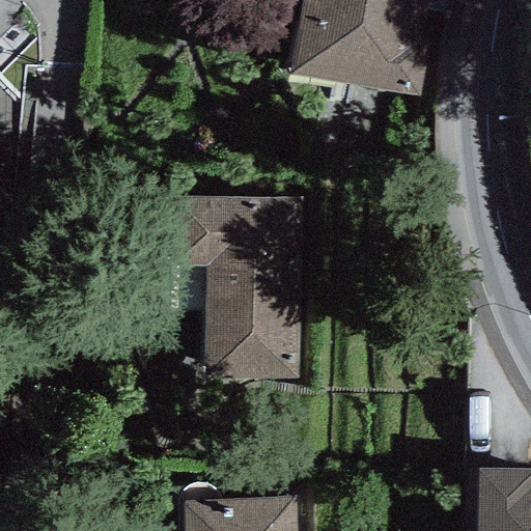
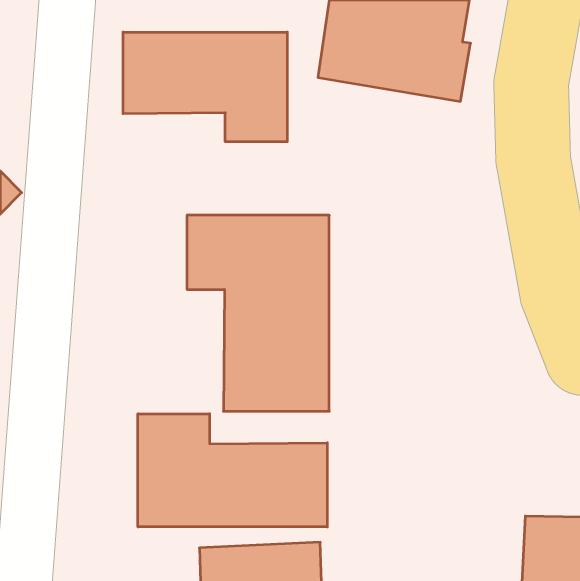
building: none -> [123,32,287,142]
building: none -> [138,414,327,527]

